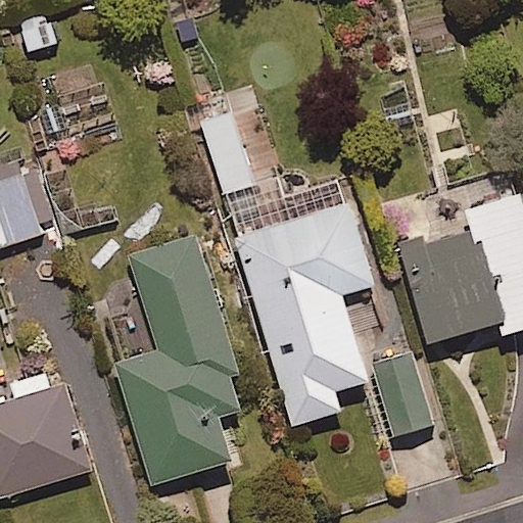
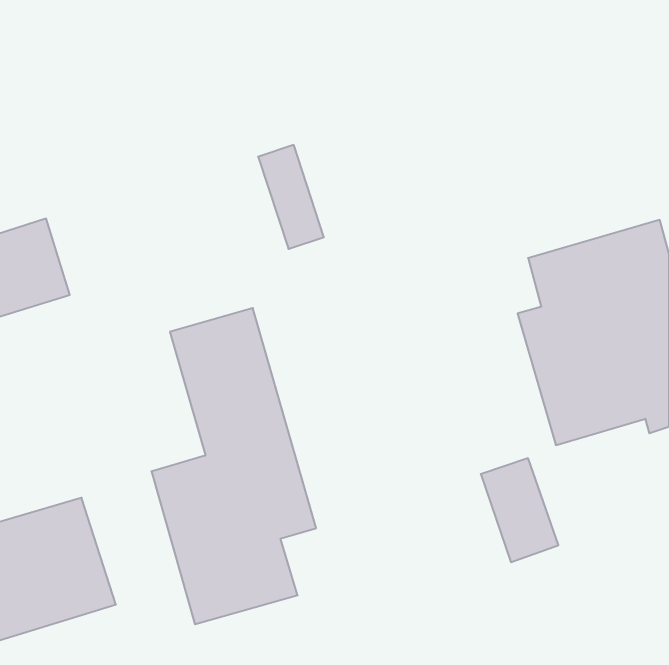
building: [236,205,372,426] -> none

